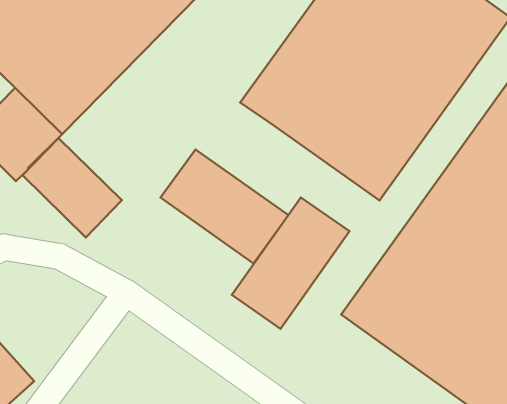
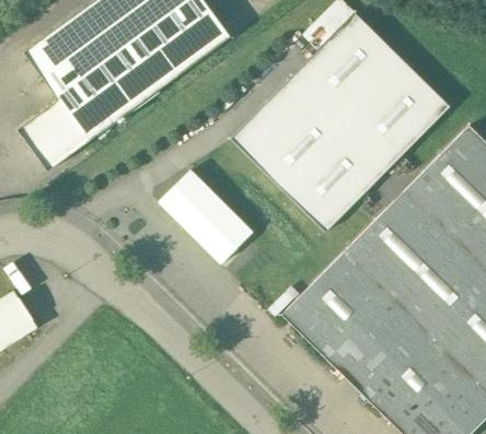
building: [22,138,122,237] -> none
building: [232,197,350,329] -> none

